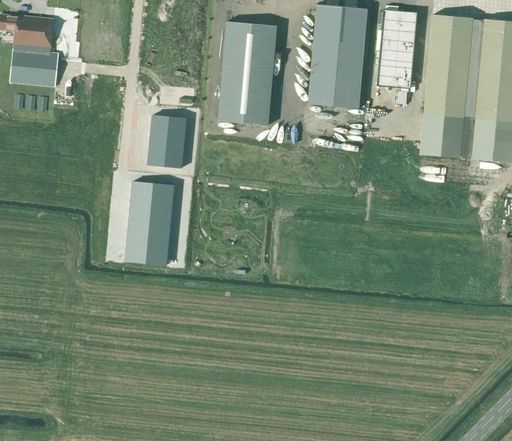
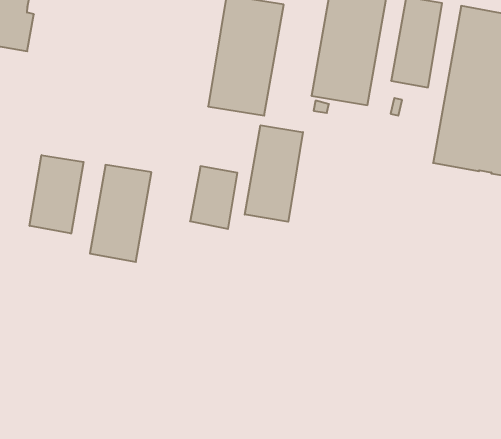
building: [148,115,186,168] -> [190,166,237,229]
building: none -> [245,125,303,222]
building: none -> [30,155,84,234]

